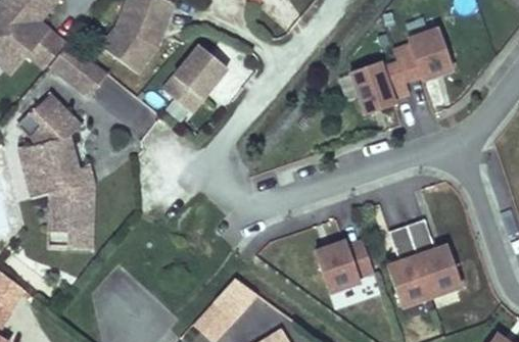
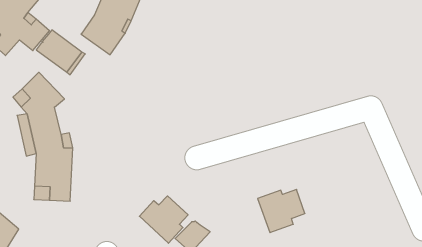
building: [351,29,453,111] -> none
building: [162,43,225,109] -> none
building: [389,217,461,305] -> none
building: none -> [139,196,188,243]

